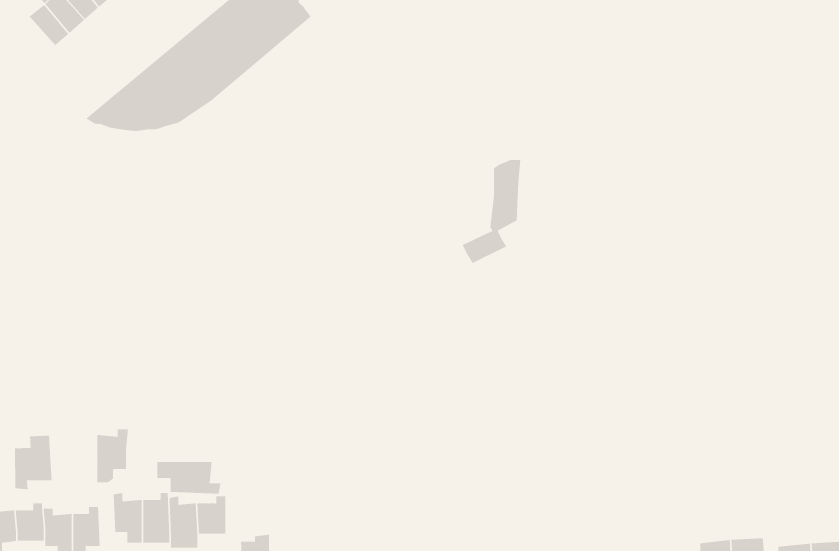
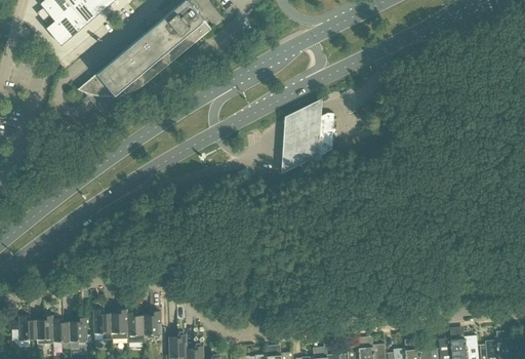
building: none -> [282,98,323,172]
building: [97,429,128,483] -> none
building: [15,435,52,490] -> none
building: [157,461,221,494] -> none

